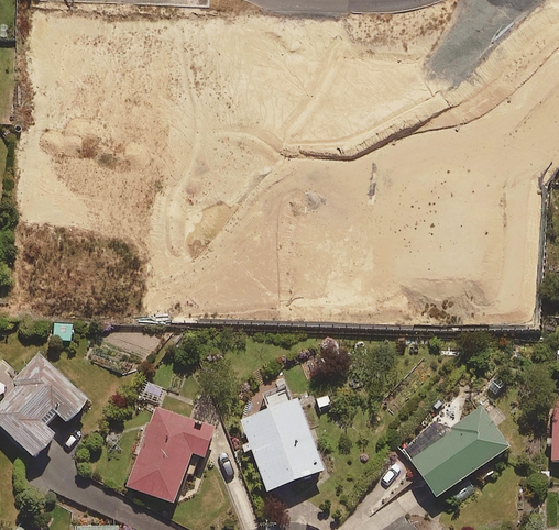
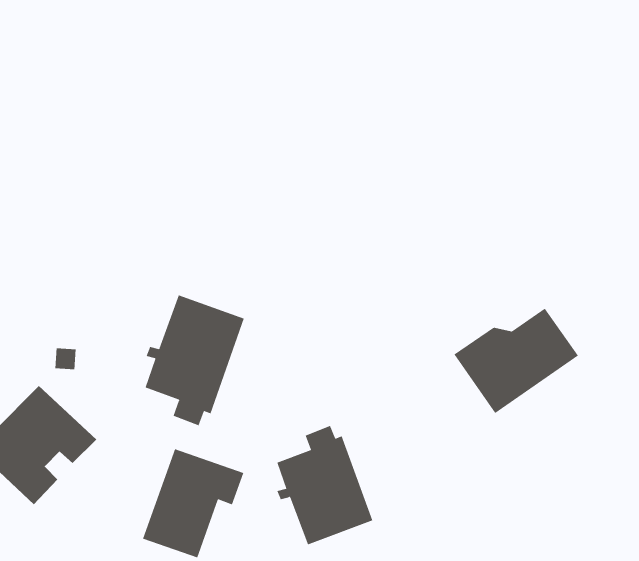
building: none -> [145,294,244,426]
building: [402,406,508,496] -> [454,308,579,414]

